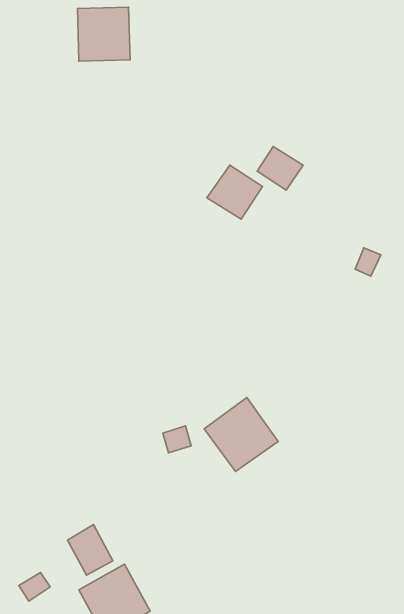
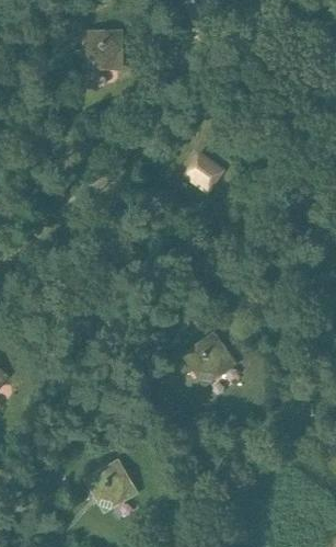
building: [257,147,303,190] -> none
building: [68,525,113,575] -> none

